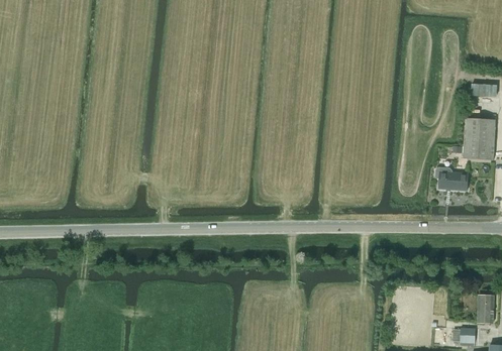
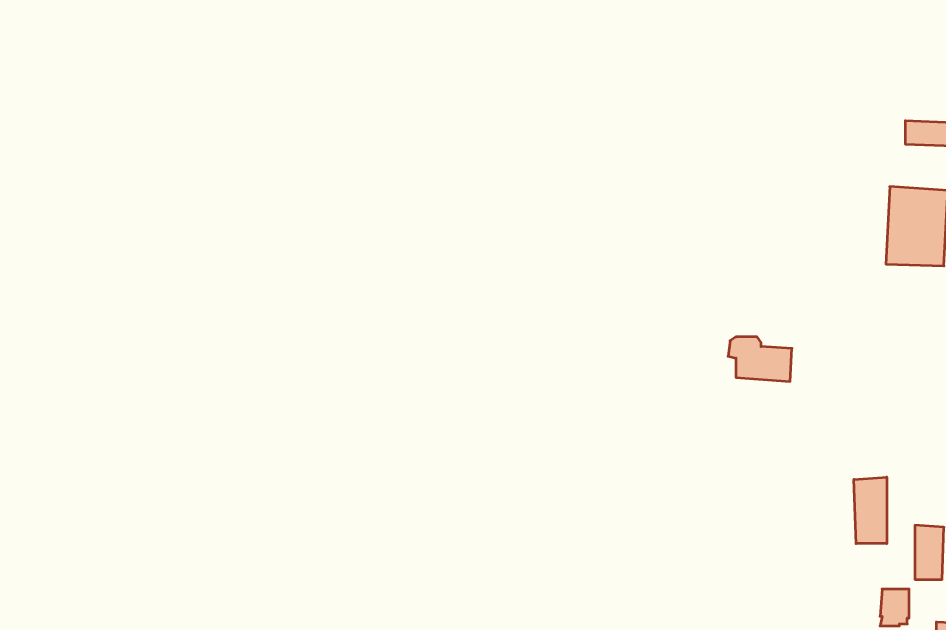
building: [434,167,468,191] -> [728,337,792,381]
building: none -> [854,477,887,544]

